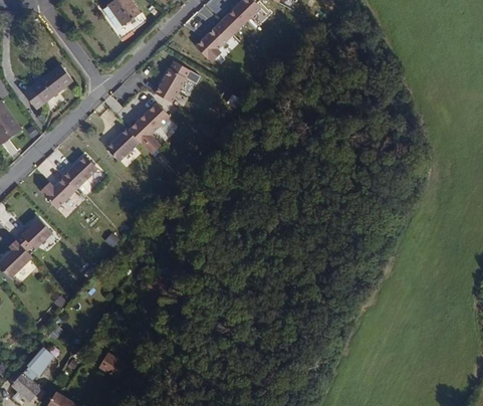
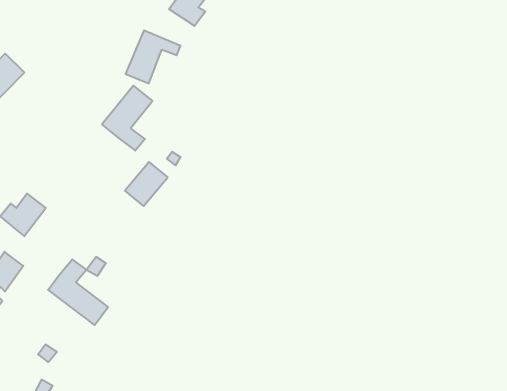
building: [105,128,141,162] -> [125,162,168,206]
building: [63,155,98,189] -> none
building: none -> [48,259,108,325]

